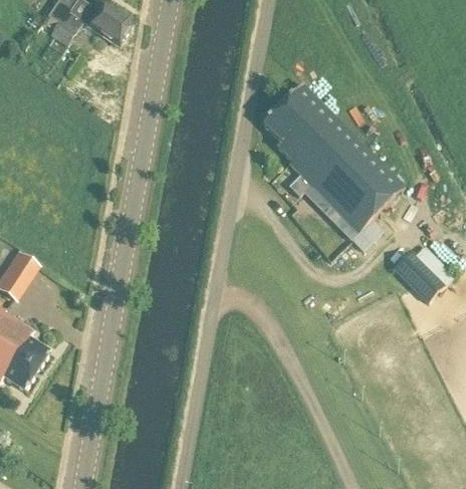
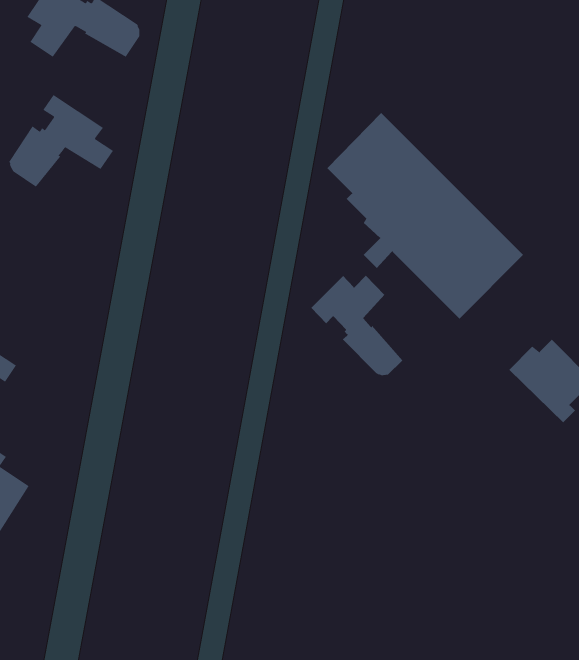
building: none -> [9,94,114,187]
building: none -> [310,275,403,376]

